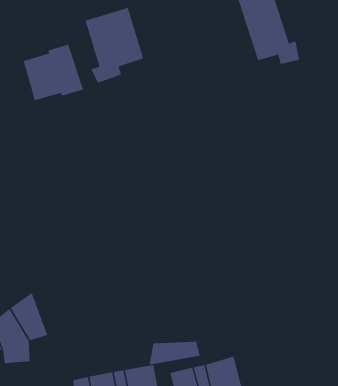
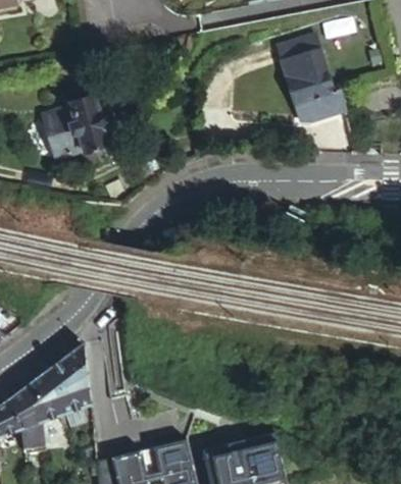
building: [85,7,144,83] -> none
building: none -> [53,340,93,411]
building: [149,341,201,365] -> none

